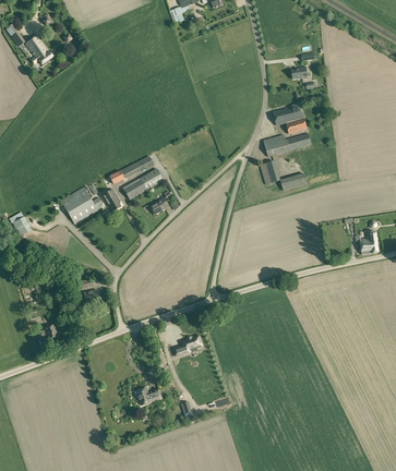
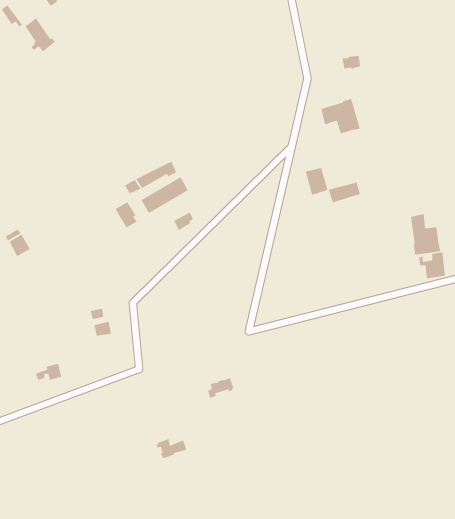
building: [264,133,312,156] -> none
building: [61,185,103,224] -> none
building: none -> [410,213,441,255]

